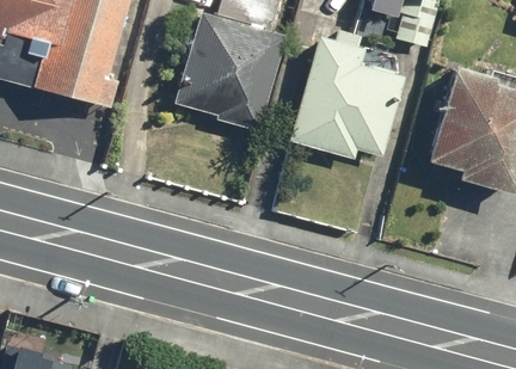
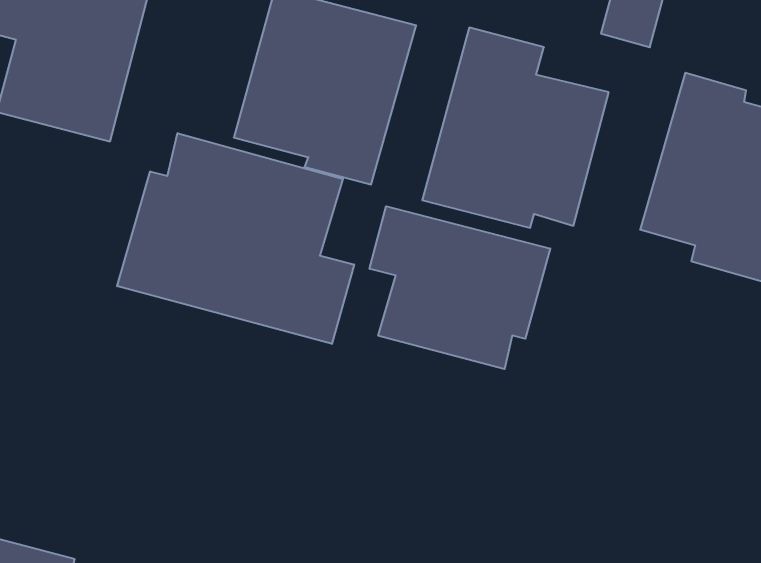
building: none -> [117,133,354,344]
building: none -> [370,206,550,369]

